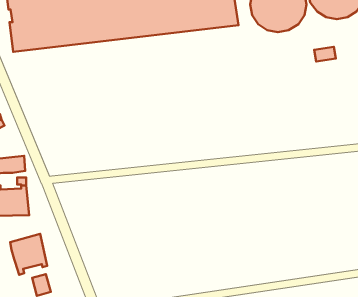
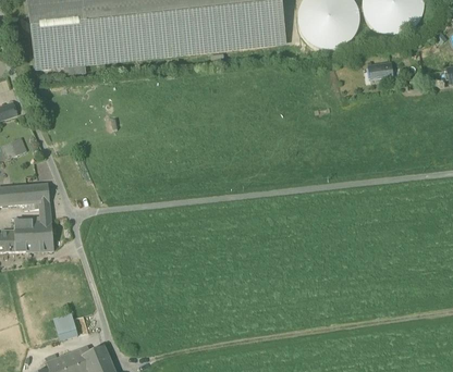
building: [10,234,47,275] -> none

